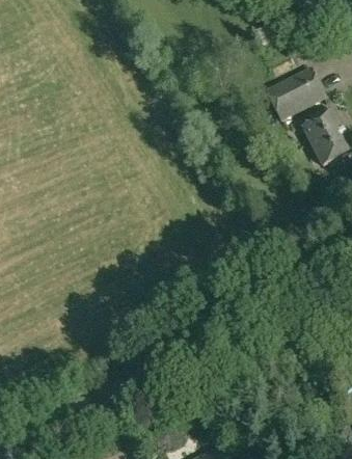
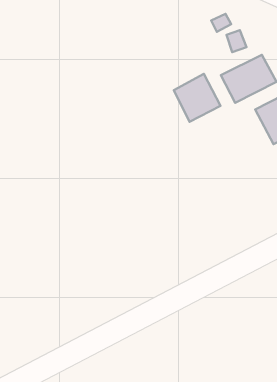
building: none -> [174,74,220,122]

